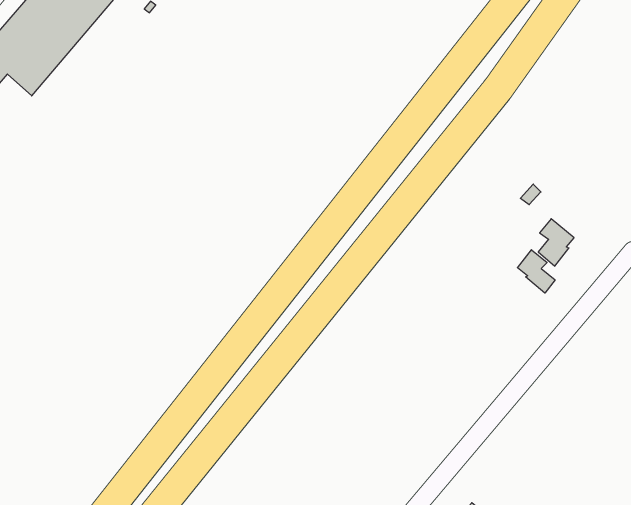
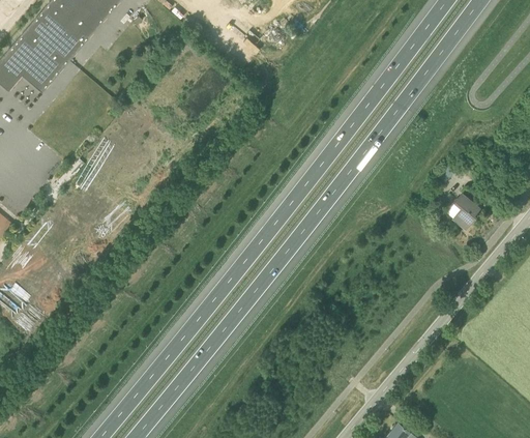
building: [517,250,555,293] -> none

